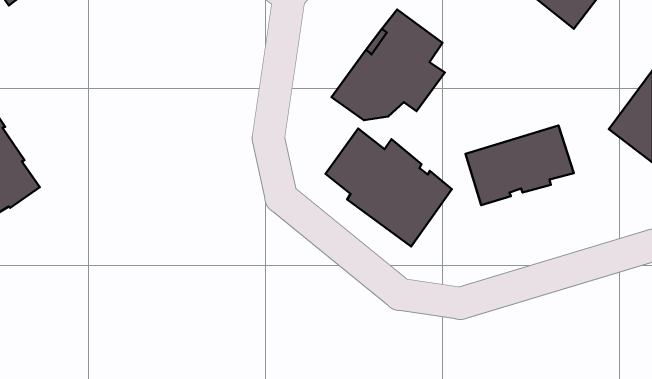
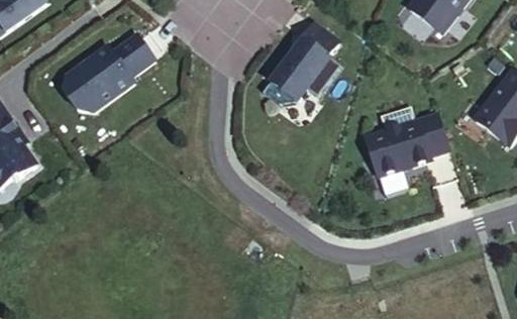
building: none -> [62,30,153,108]
building: [326,129,452,246] -> none

